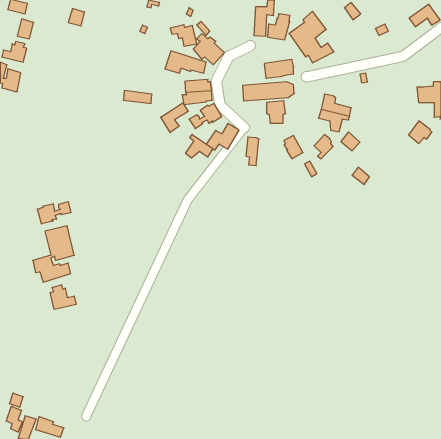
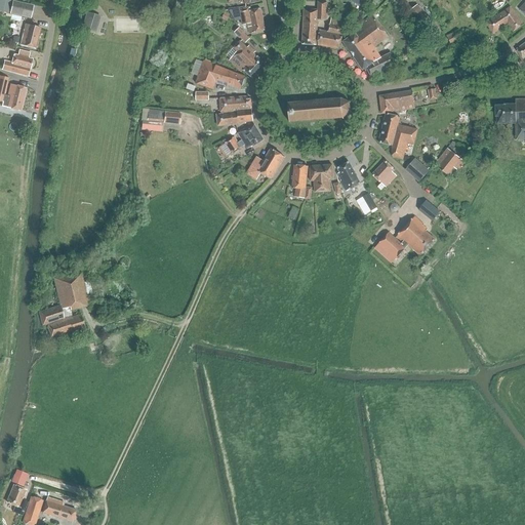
building: [170,25,197,46] -> [233,6,265,32]
building: [264,59,294,78] -> [379,89,414,112]
building: [267,101,286,123] -> [311,163,333,190]
building: [161,103,188,133] -> none
building: [409,121,432,143] -> [435,147,462,173]
building: [186,134,213,158] -> none
building: none -> [380,214,434,254]
building: [37,202,71,224] -> none
building: [50,285,76,309] -> none

